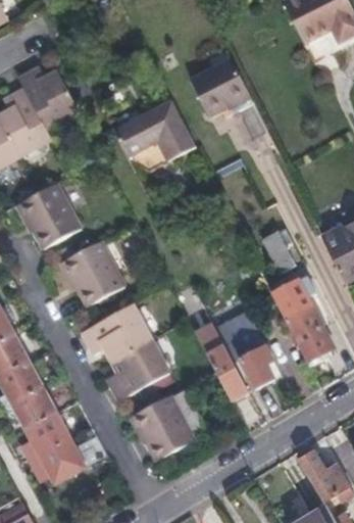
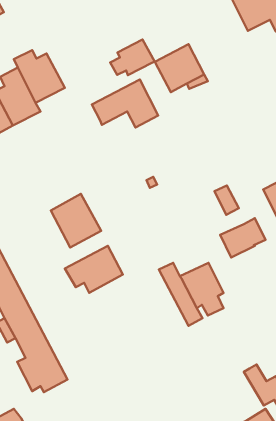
building: none -> [110,39,155,75]
building: [20,183,82,248] -> none
building: [284,304,334,363] -> none
building: [107,339,170,401] -> none
building: [132,396,194,463] -> none

